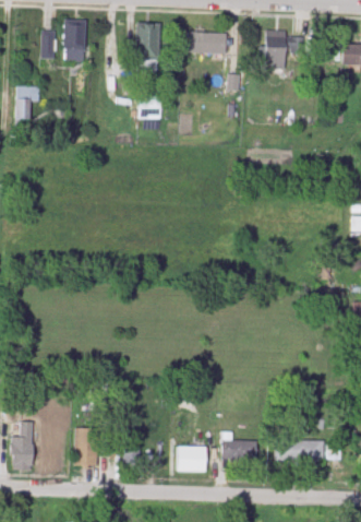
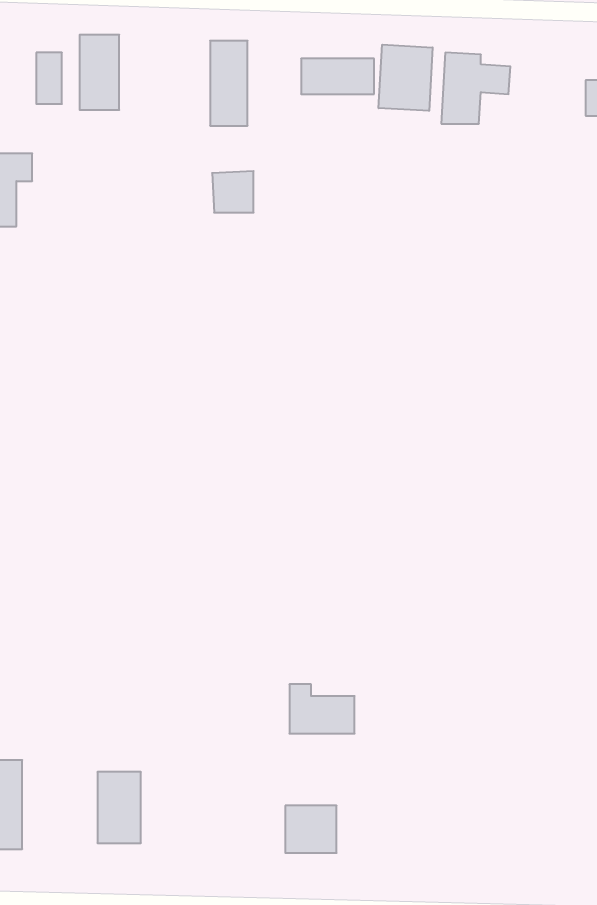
building: none -> [379,45,433,111]
building: [220,434,256,461] -> [289,684,355,734]
building: [274,440,324,462] -> none

